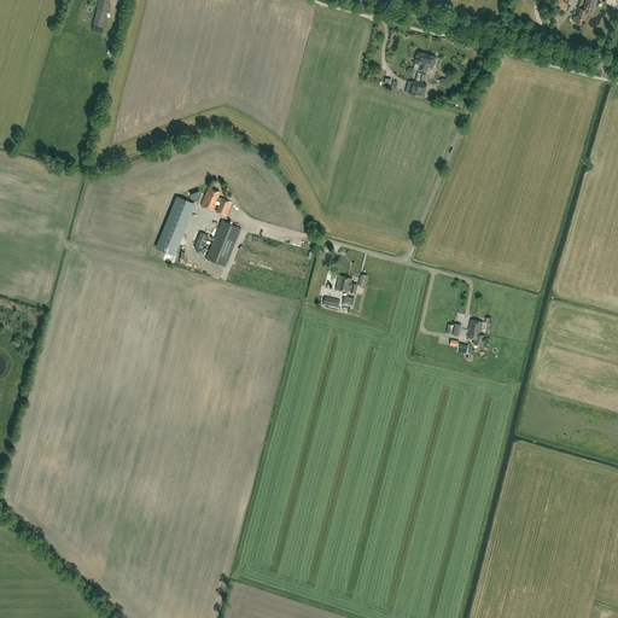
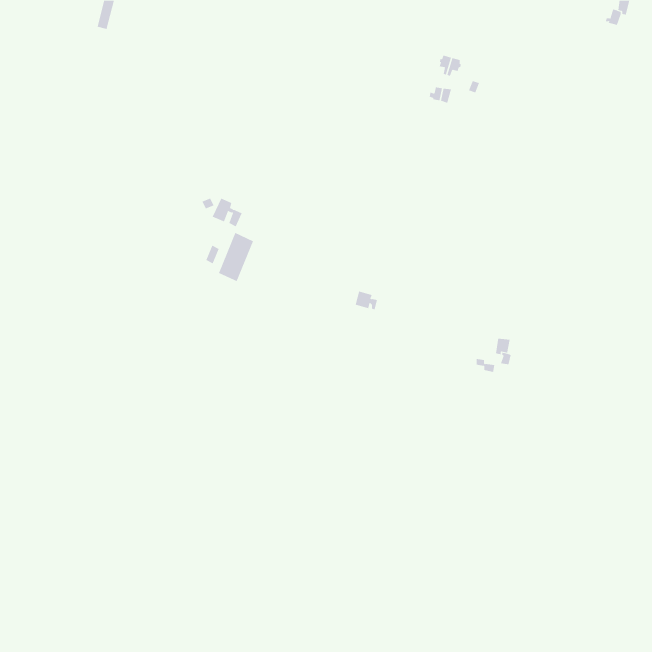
building: [163,197,194,239] -> none

